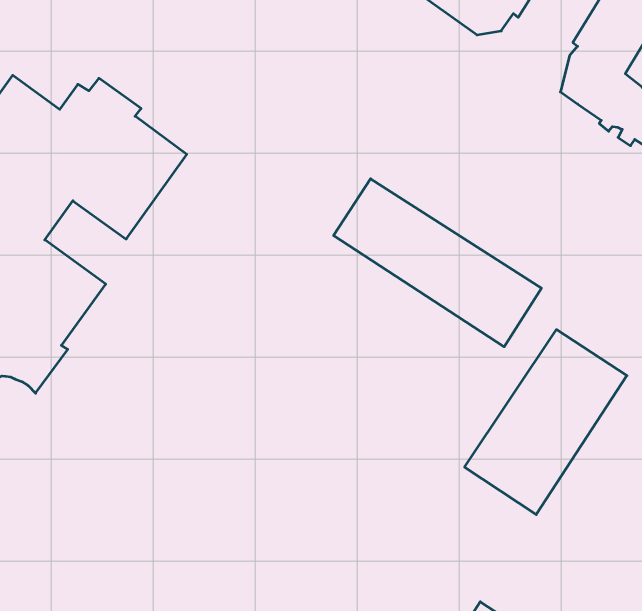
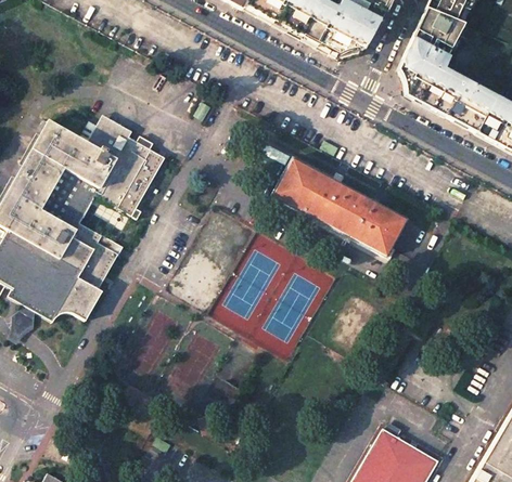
building: [465,330,627,515] -> none

